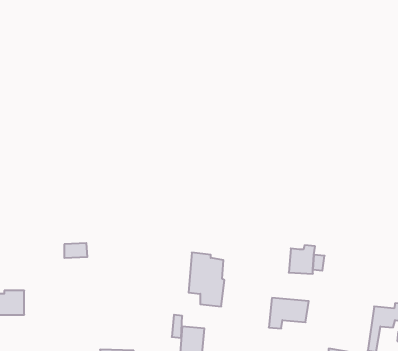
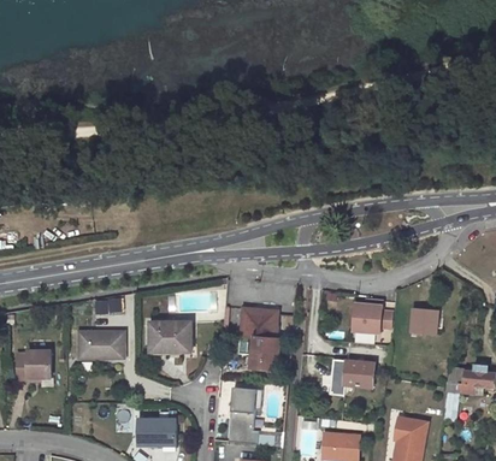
building: none -> [411,308,439,335]
building: none -> [150,321,191,351]
building: none -> [78,332,124,357]

